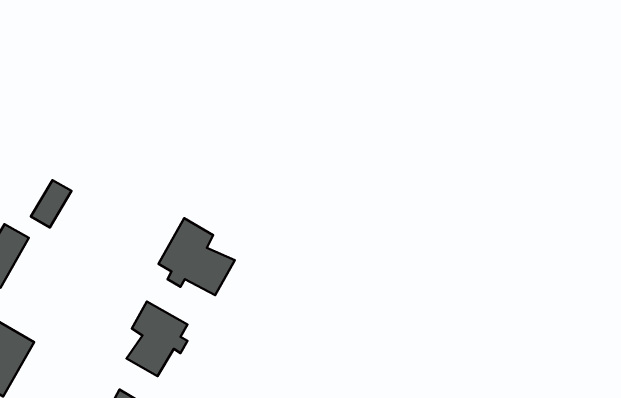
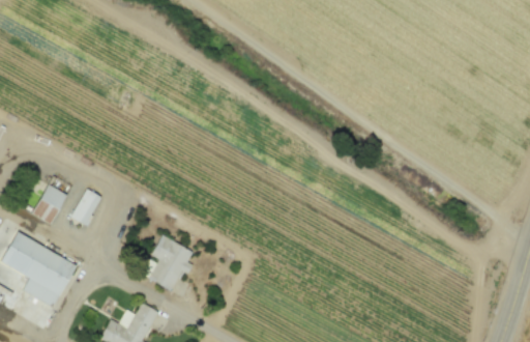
building: [31,180,72,228] -> [69,190,100,226]
building: [158,218,235,295] -> none

